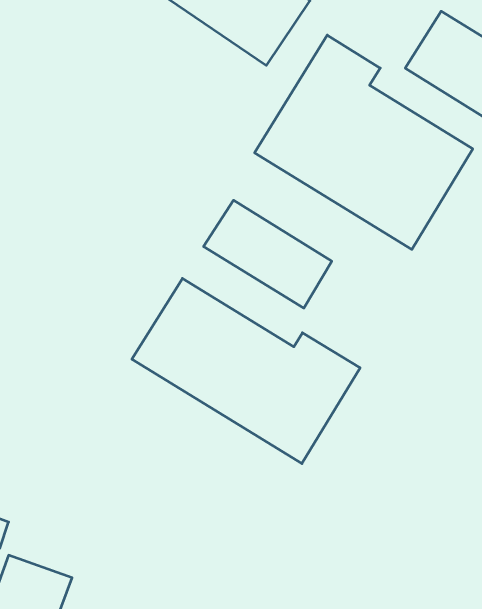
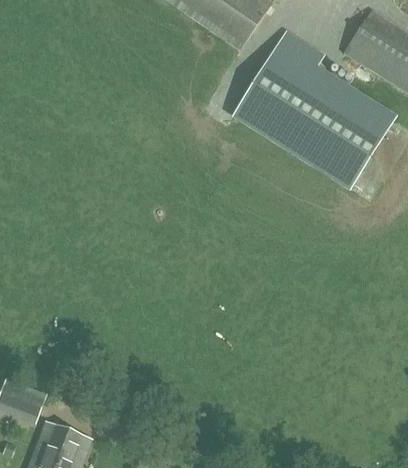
building: [204,200,332,308] -> none
building: [132,278,360,464] -> none

